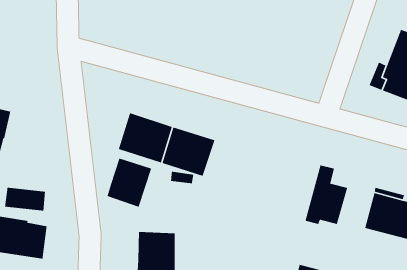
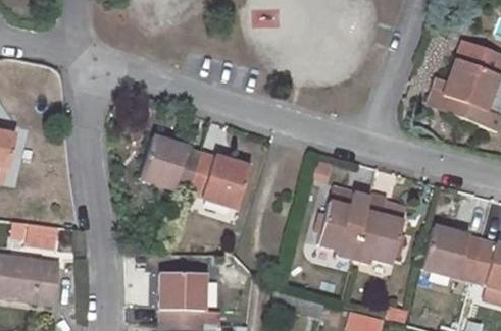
building: [106,158,152,208] -> none
building: none -> [317,189,370,260]

